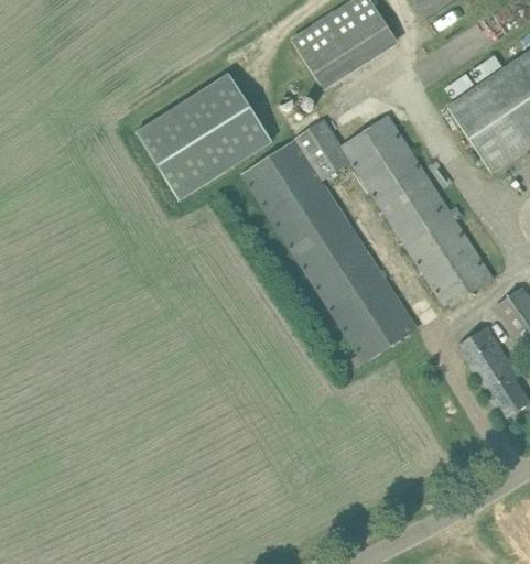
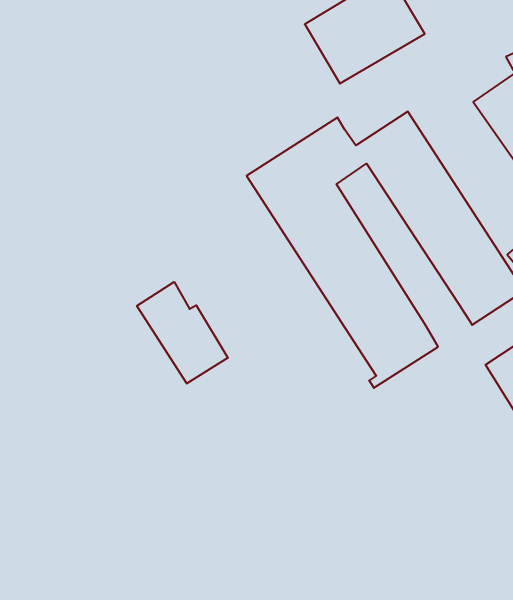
building: [140,73,277,198] -> none
building: none -> [137,282,228,384]

